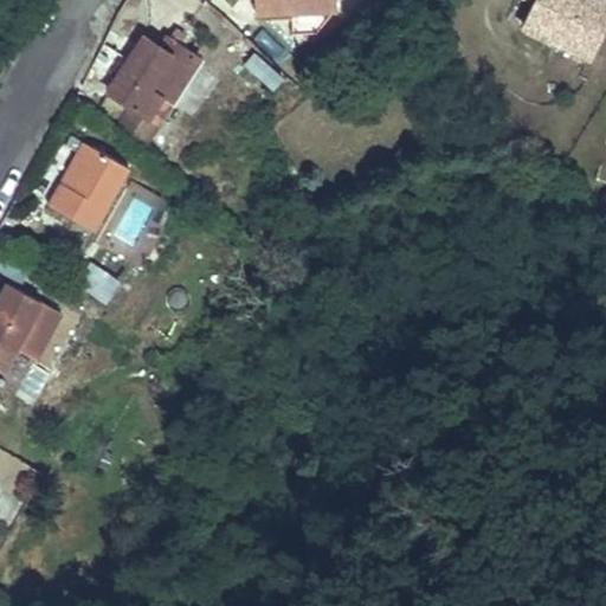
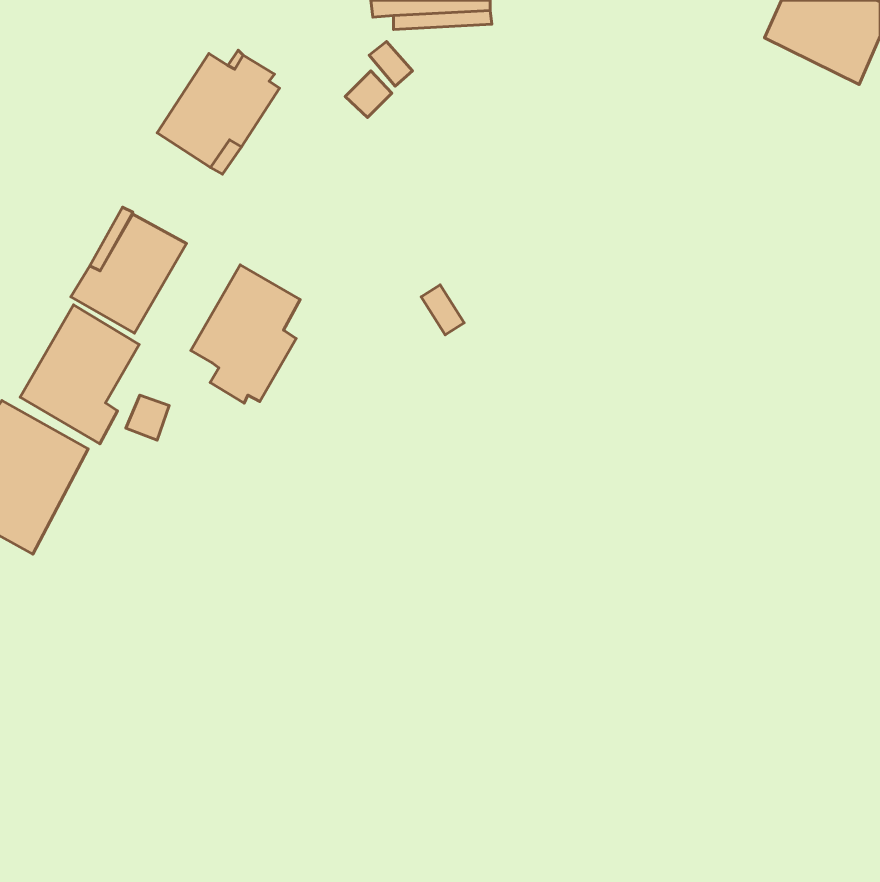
building: none -> [191,265,300,403]
building: none -> [20,305,139,444]

